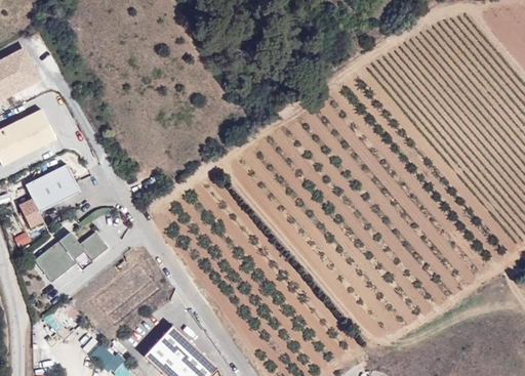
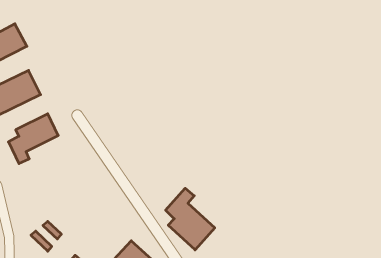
building: [34,232,109,283] -> none
building: none -> [166,188,215,250]

